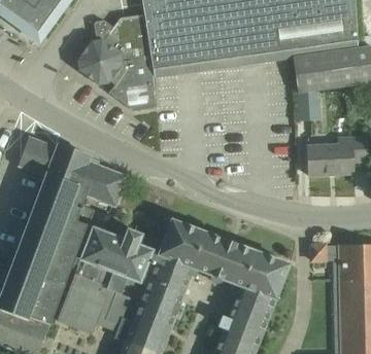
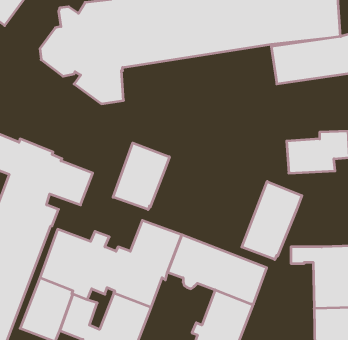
building: [297,93,319,120] -> none
building: none -> [113,143,169,210]
building: none -> [242,181,302,260]

